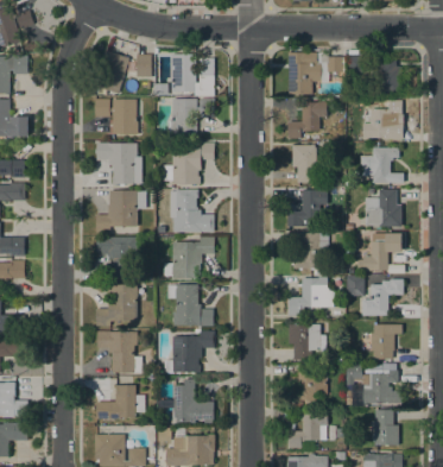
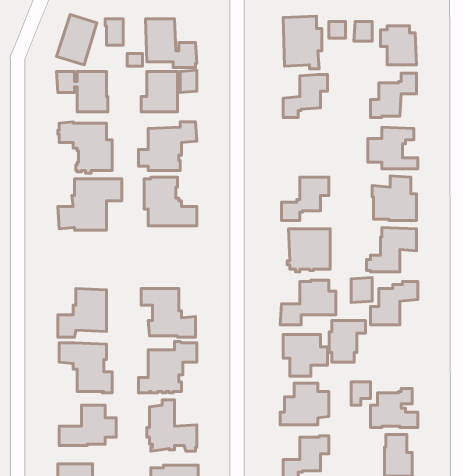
building: [291,145,318,182] -> none
building: [93,236,137,278] -> none
building: [163,236,214,278] -> none
building: [371,323,401,359] -> [329,321,365,362]

